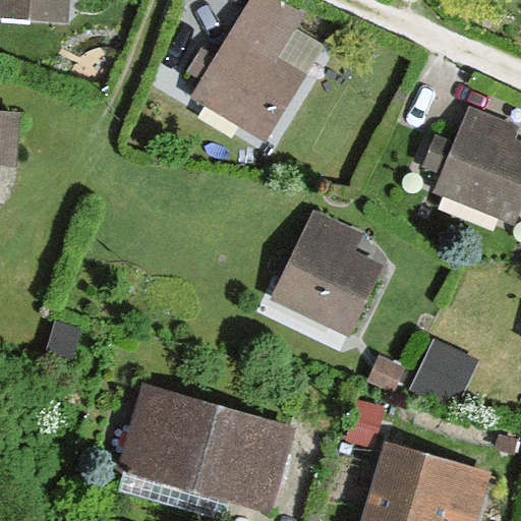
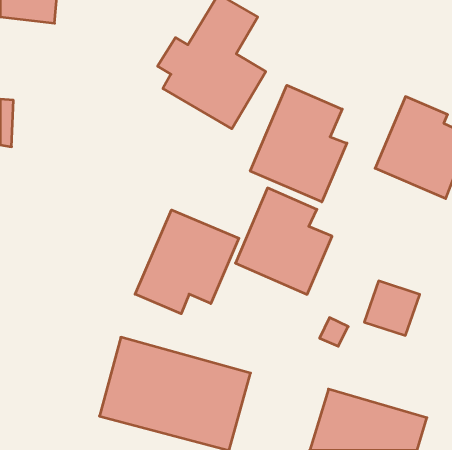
building: none -> [250,85,347,202]
building: none -> [135,210,239,314]

